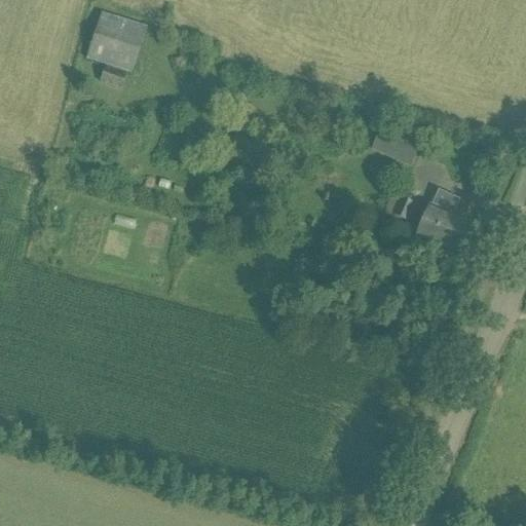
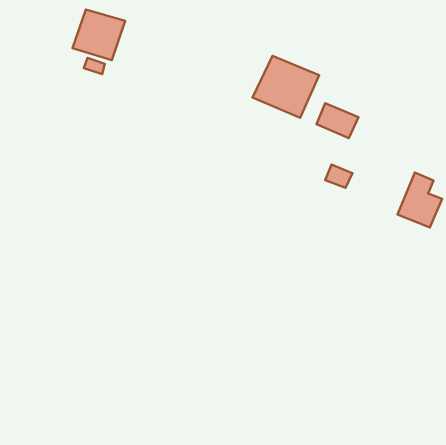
building: none -> [253,56,319,118]
building: [415,190,467,255] -> [397,173,442,228]

